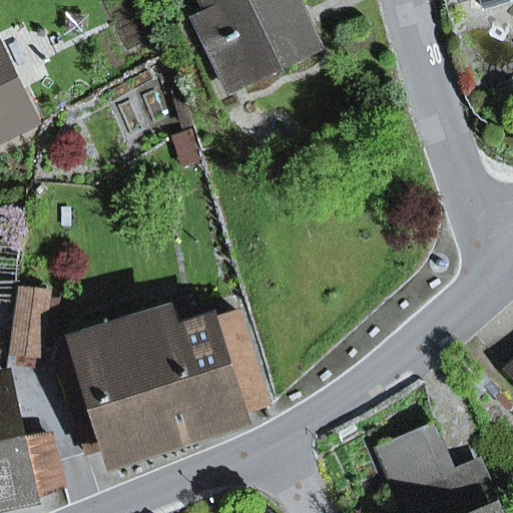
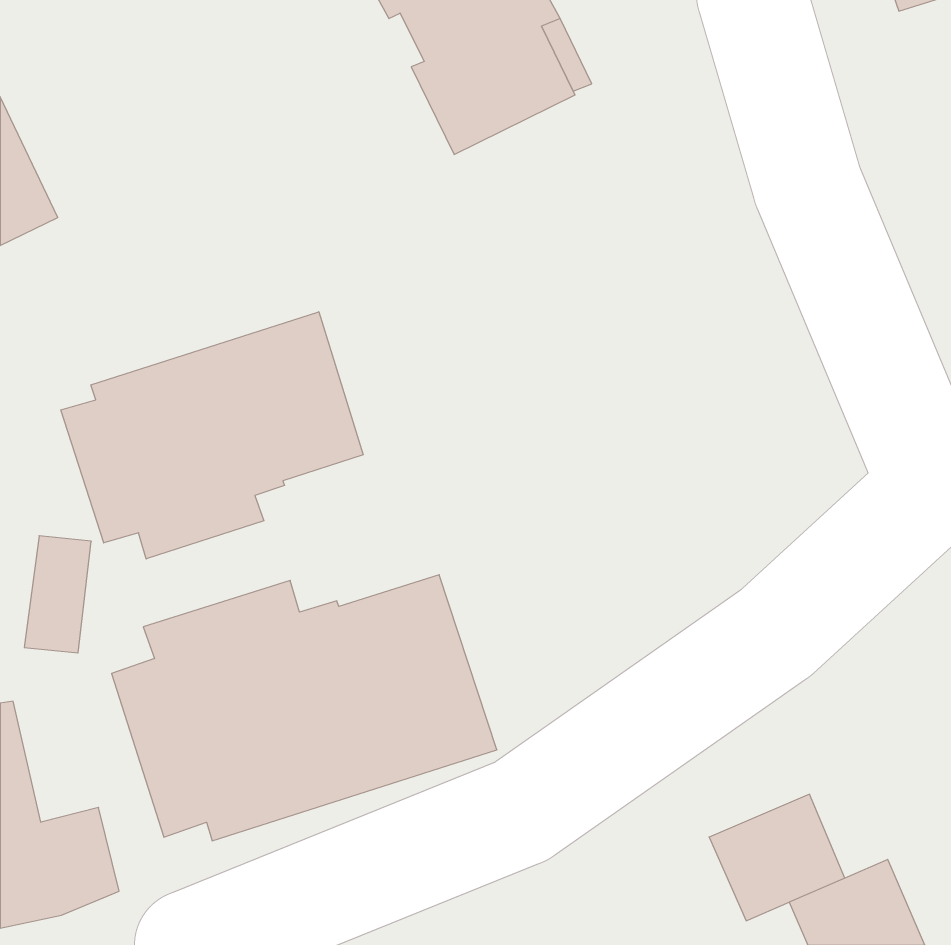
building: none -> [61,312,363,559]

